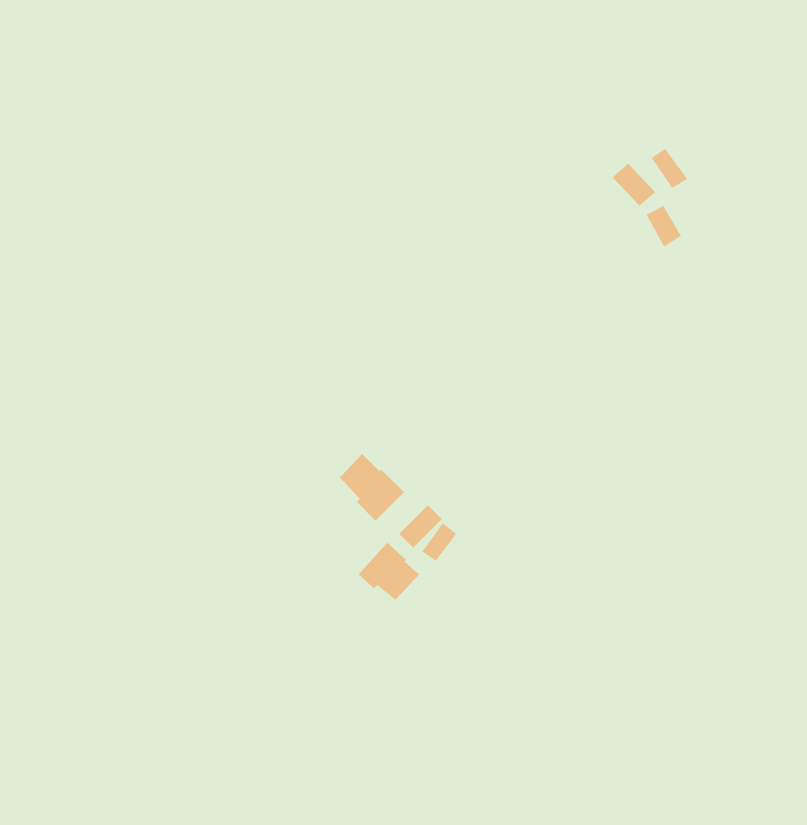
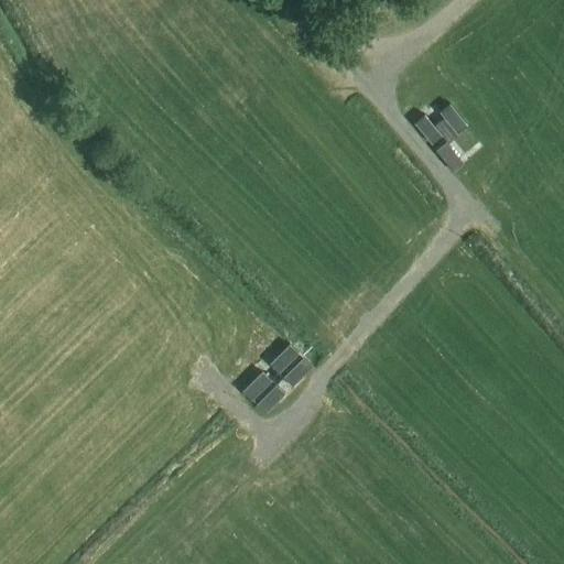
building: [339,453,405,521] -> none

